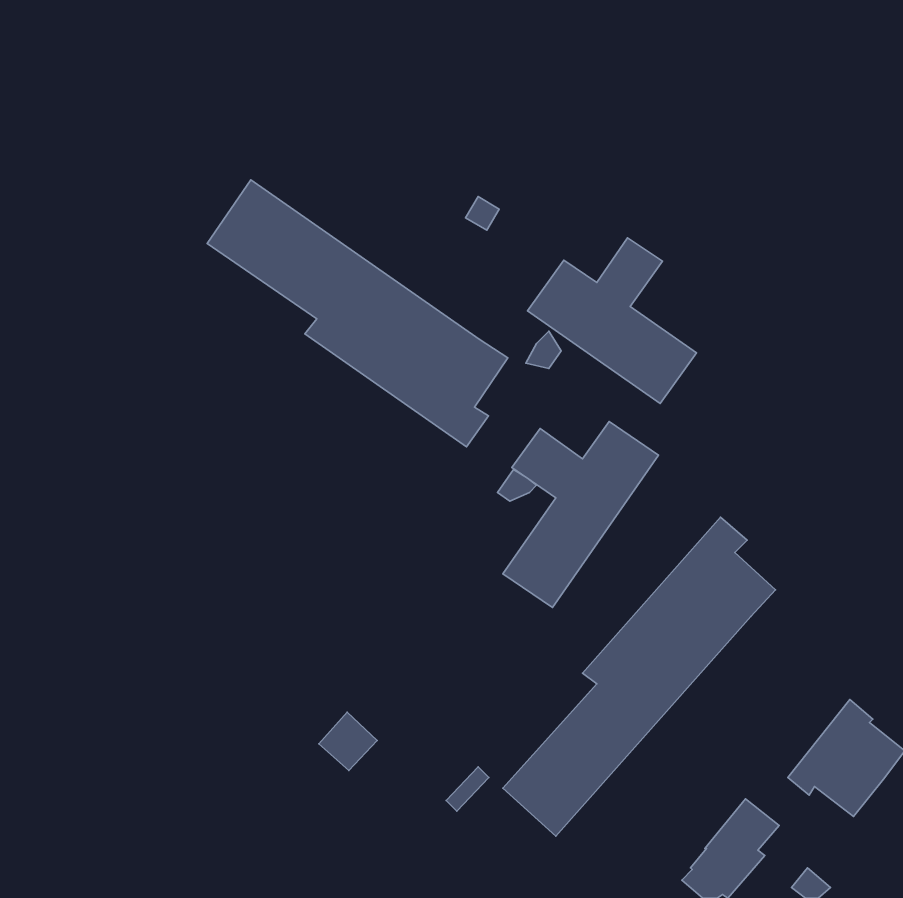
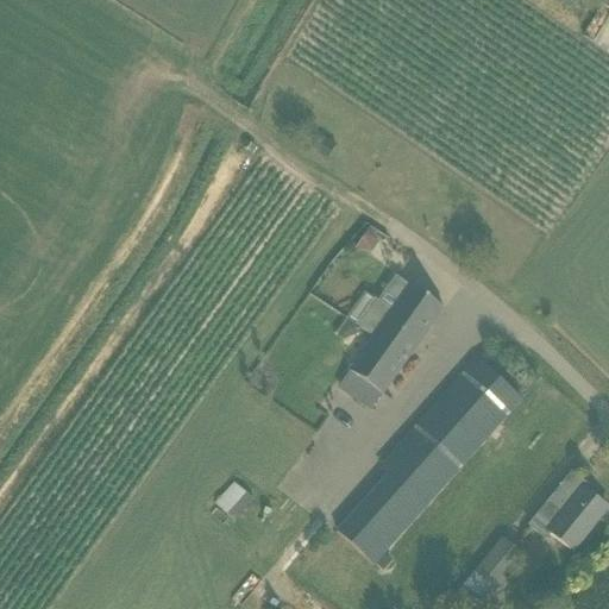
building: [207,180,508,447] -> none
building: [528,238,696,403] -> none

